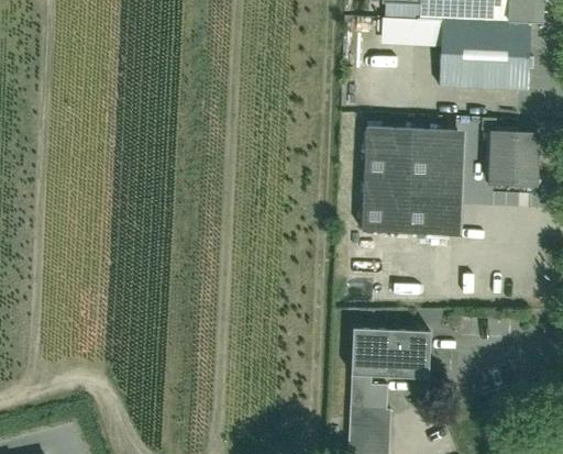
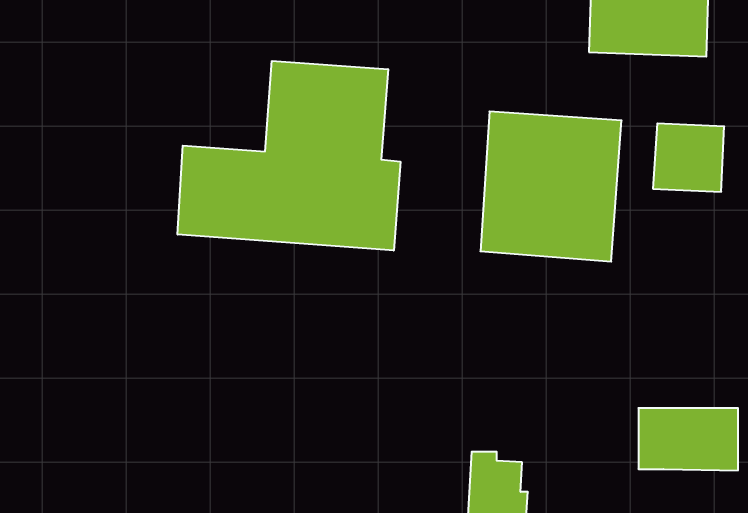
building: none -> [178,61,400,251]
building: [353,334,427,380] -> [638,408,738,470]

